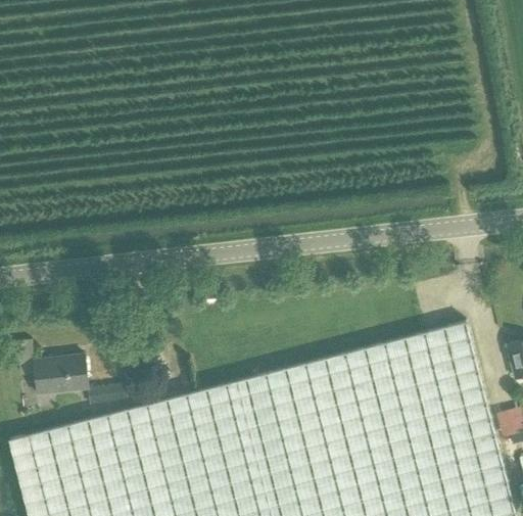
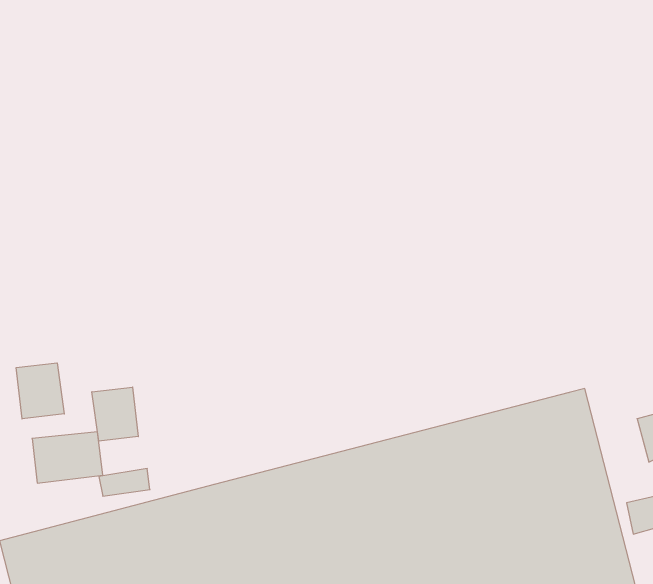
building: none -> [16,363,64,419]
building: none -> [92,387,138,441]

